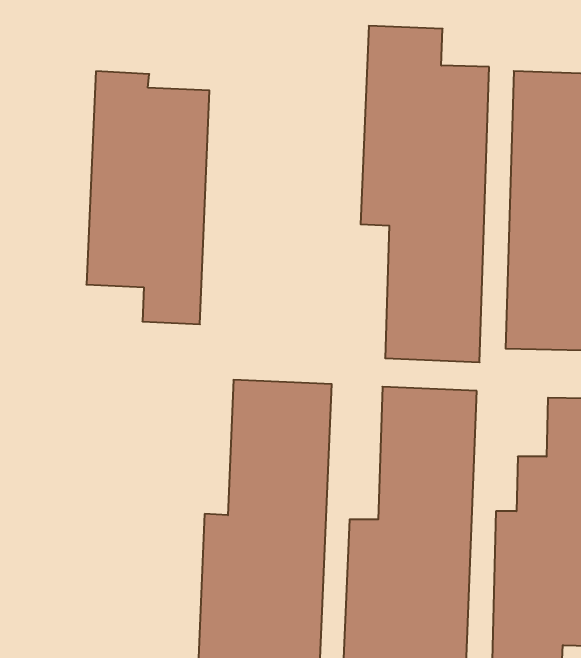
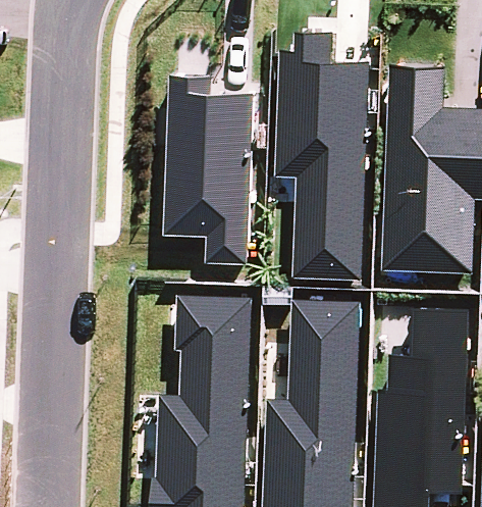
building: [86,71,209,324] -> [163,78,255,266]

